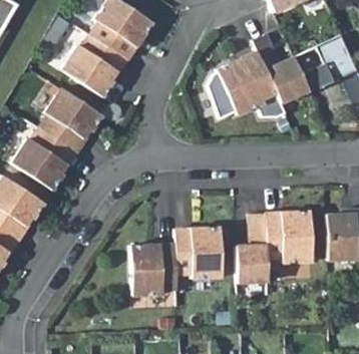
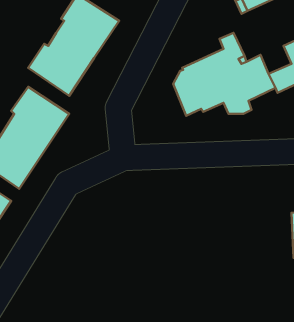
building: [237,212,313,283] -> none
building: [131,228,223,295] -> none

